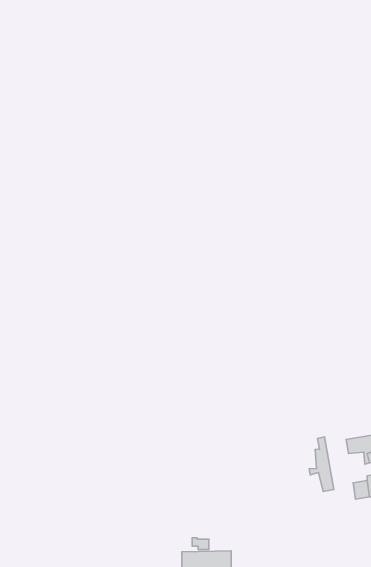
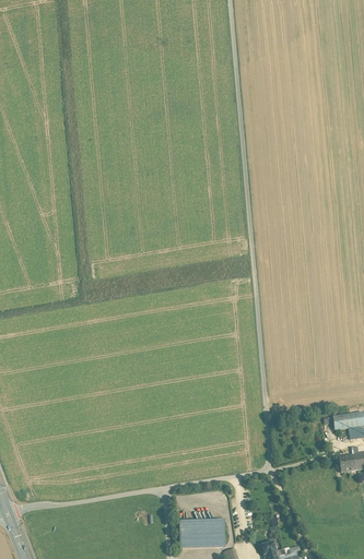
building: [309,437,334,491] -> none

